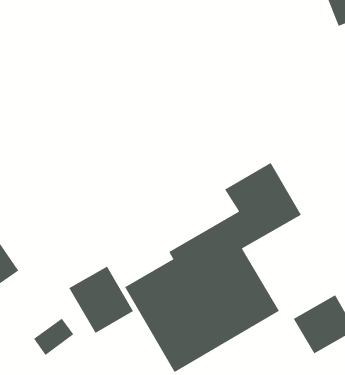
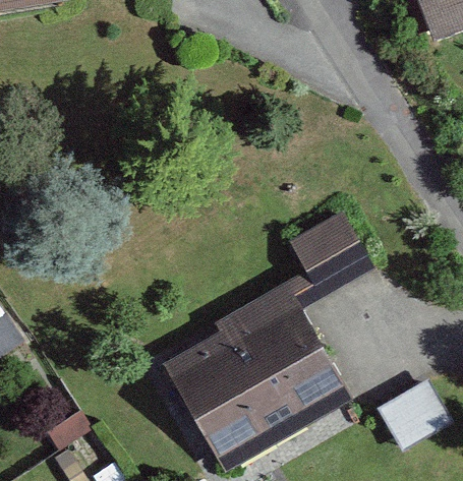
building: [69,266,134,334] -> none

